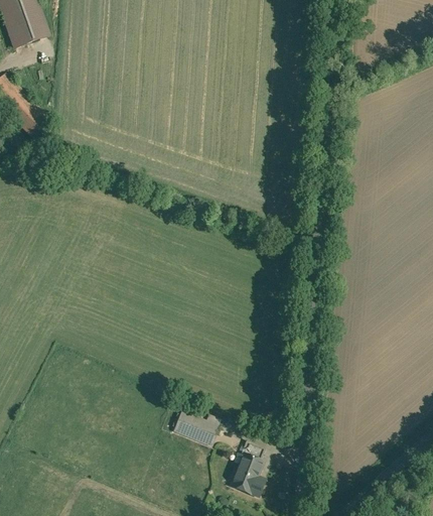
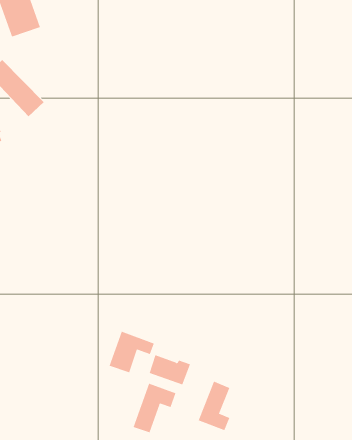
building: none -> [109,331,154,373]
building: none -> [133,383,176,433]

